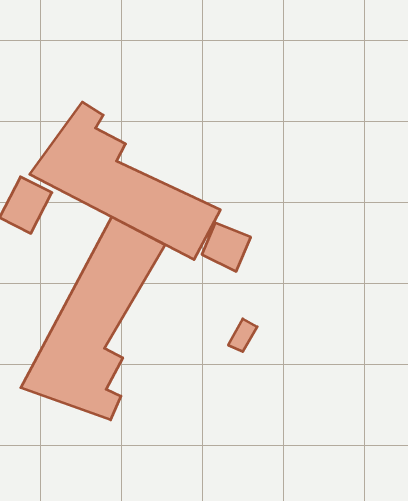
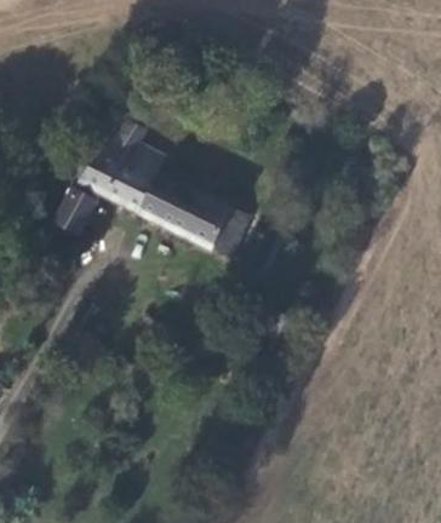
building: [21,217,165,420] -> none

